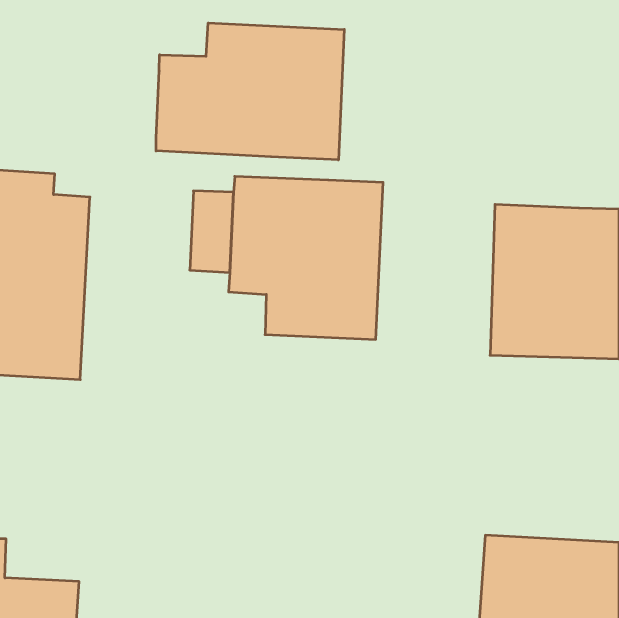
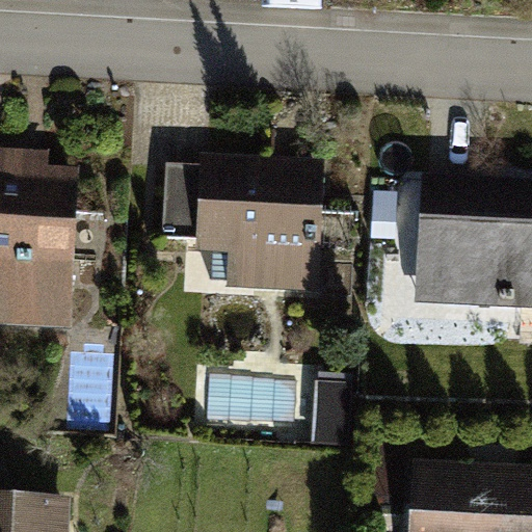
building: [156,23,344,160] -> none

